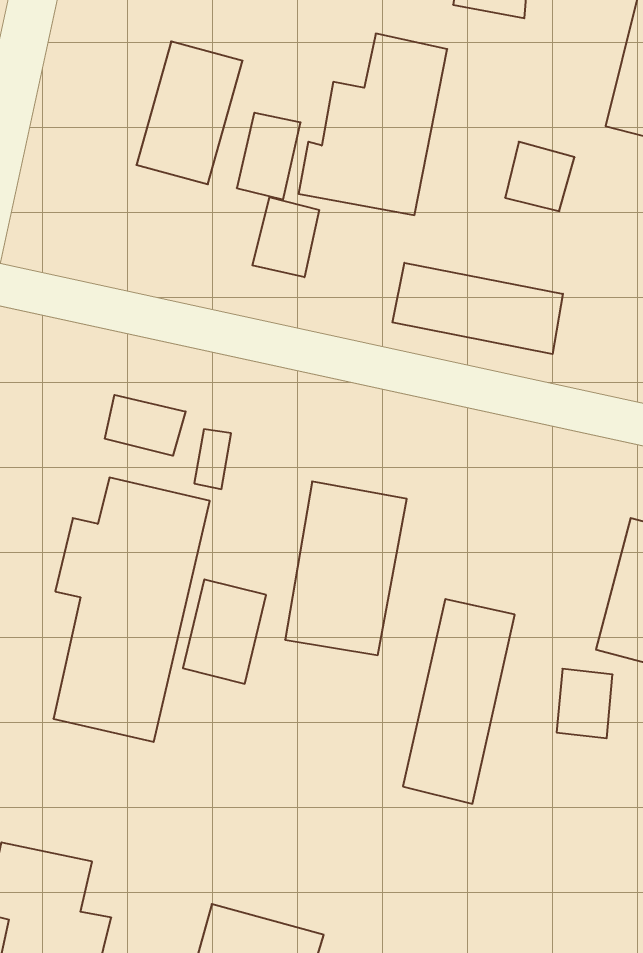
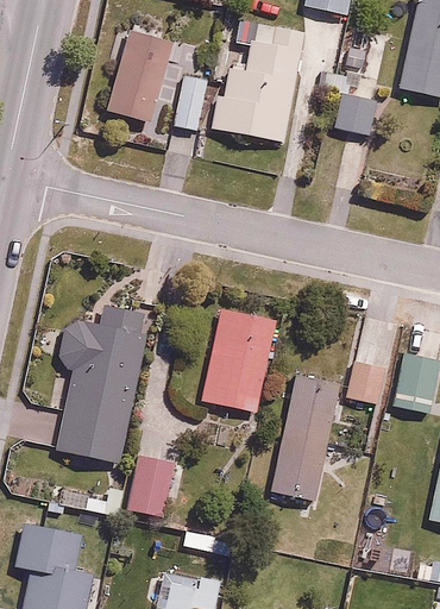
building: [252,197,319,277] -> none
building: [392,263,563,354] -> none
building: [105,395,186,456] -> none
building: [183,579,266,684] -> [125,453,176,517]
building: [557,669,613,738] -> [347,359,382,402]

